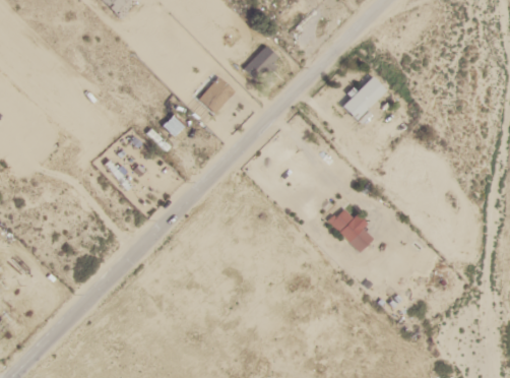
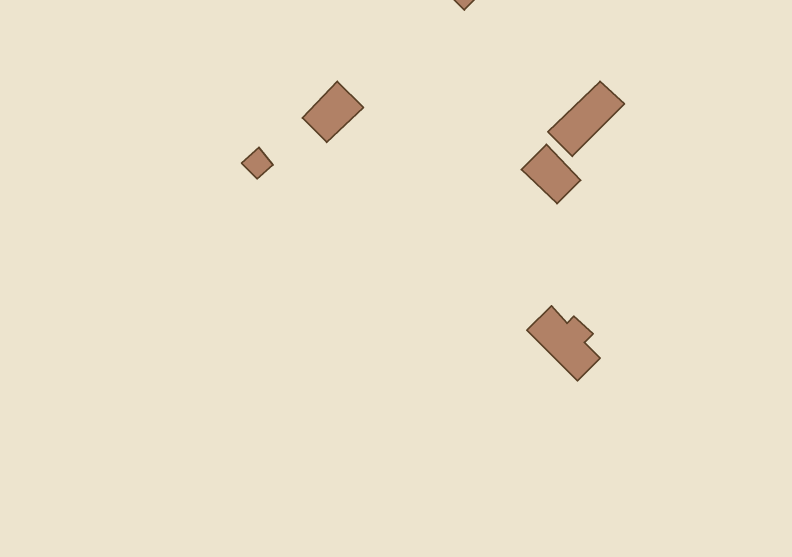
building: [246,46,279,80] -> none
building: none -> [521,144,581,204]

